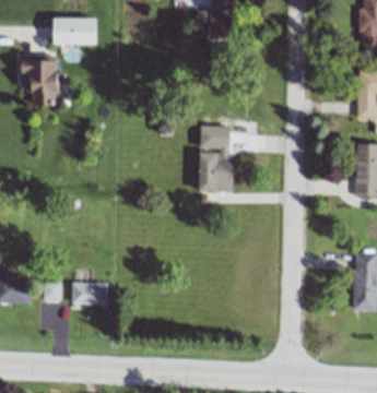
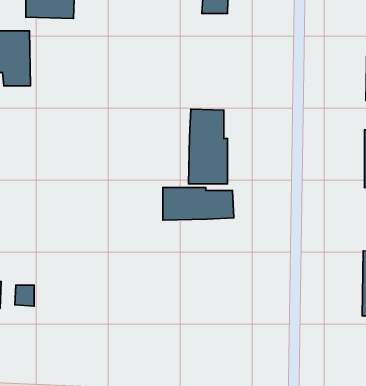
building: none -> [163,187,234,220]
building: [72,283,108,305] -> none

